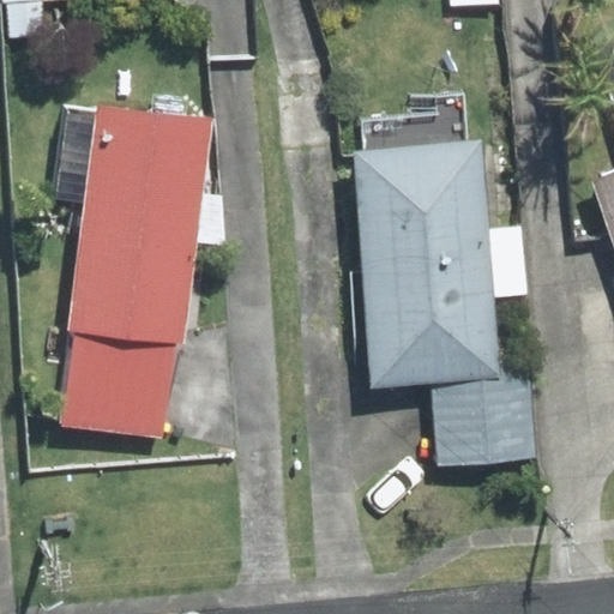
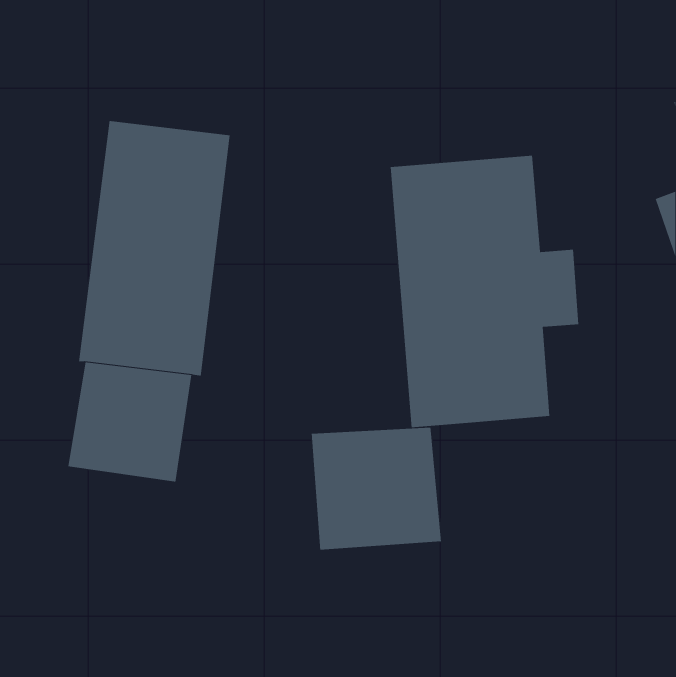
building: [431,357,534,464] -> none
building: none -> [311,427,441,551]

